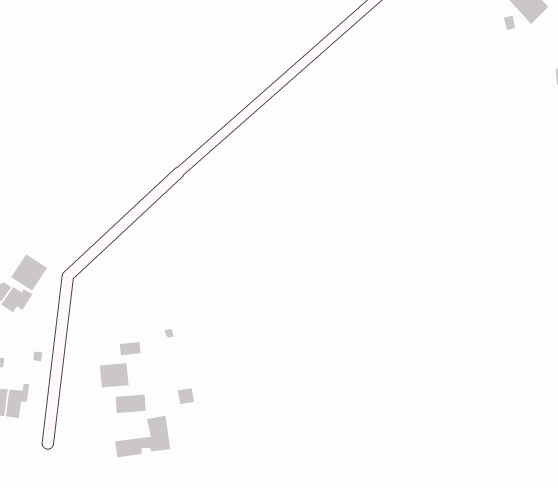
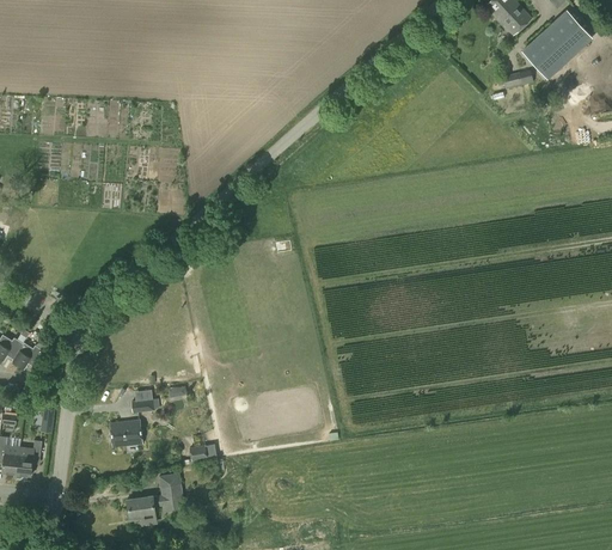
building: [10,253,48,291] -> none
building: [115,394,146,414] -> none

